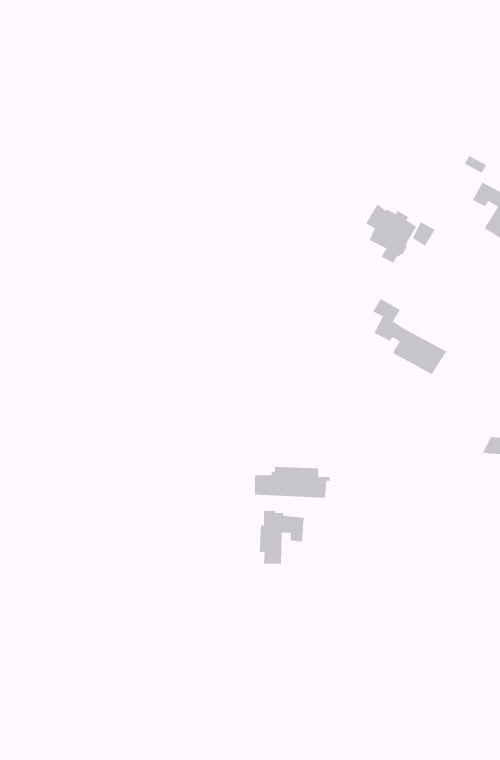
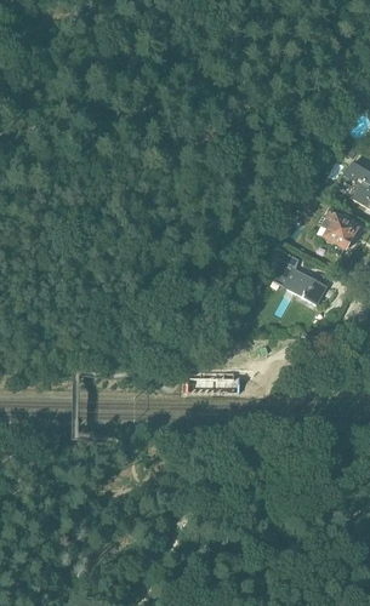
building: [365,204,417,264] -> [321,211,359,255]
building: [259,510,304,564] -> none

